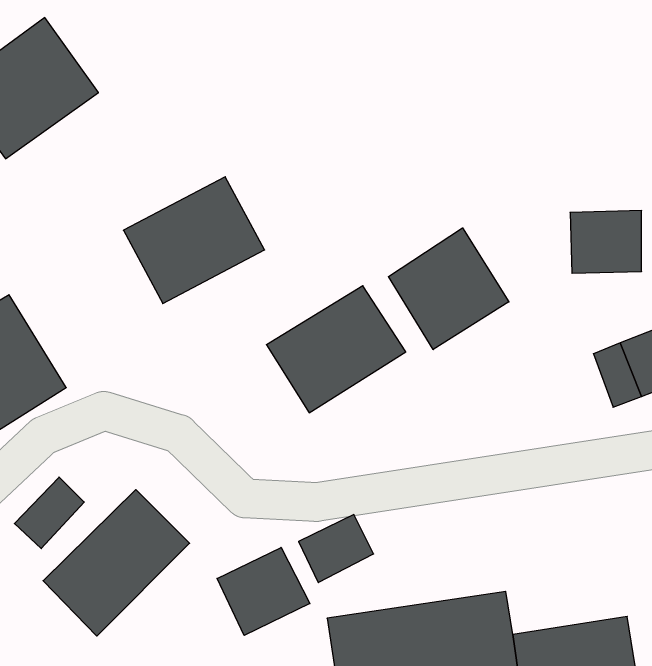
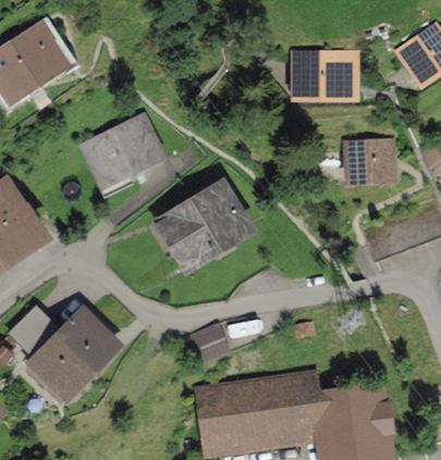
building: none -> [298,53,357,95]
building: [388,228,509,350] -> none
building: [217,547,310,635] -> none

